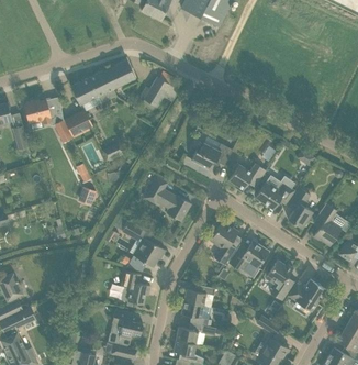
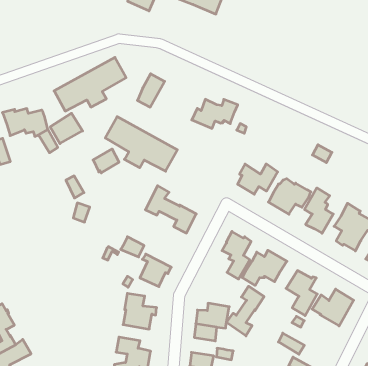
building: none -> [105,117,177,171]
building: [190,143,232,169] -> [192,99,238,128]
building: none -> [227,286,264,336]

